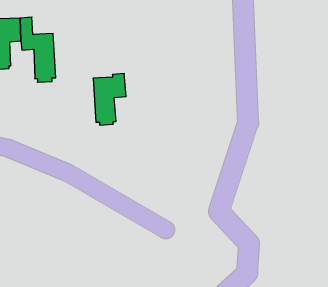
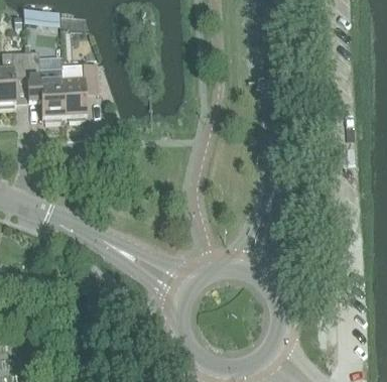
building: [93,74,126,125] -> [61,63,98,120]

